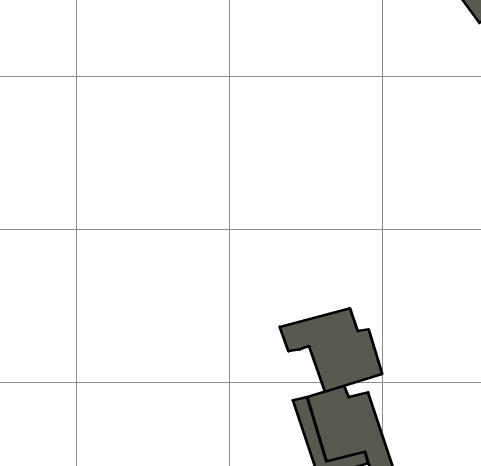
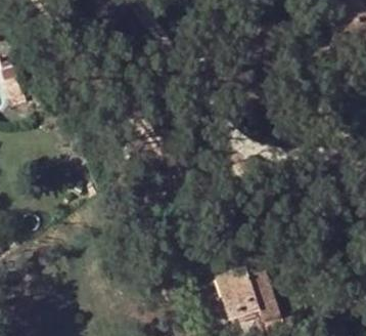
building: [280,308,382,392] -> none

